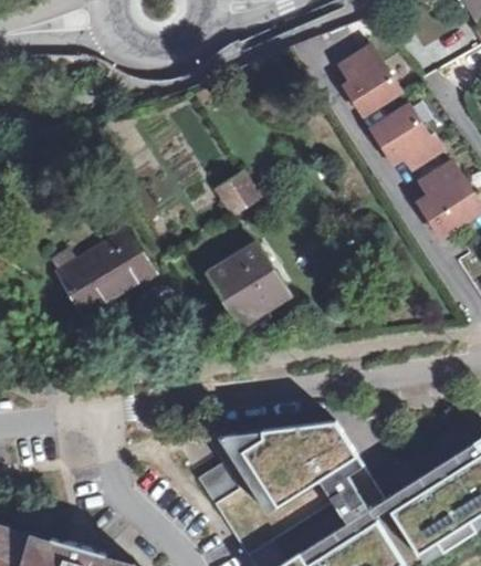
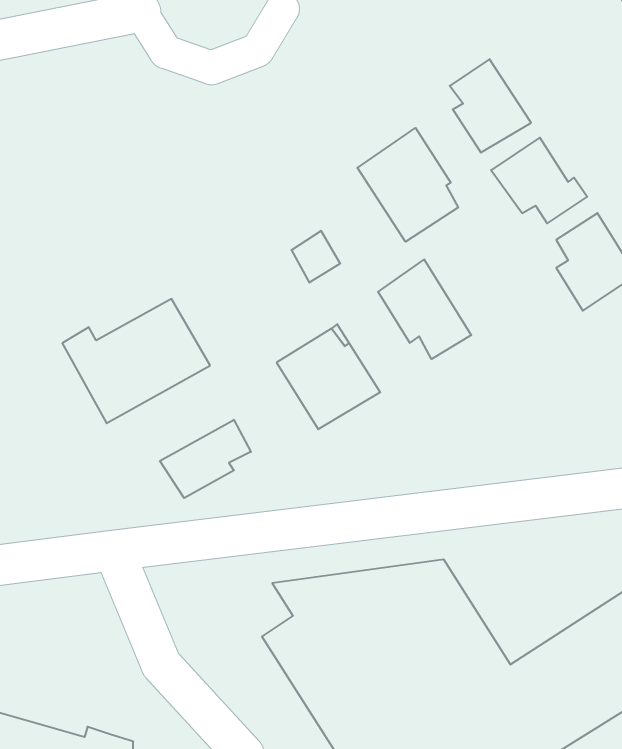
building: none -> [357,128,458,242]
building: none -> [378,259,471,359]
building: none -> [160,420,251,498]

